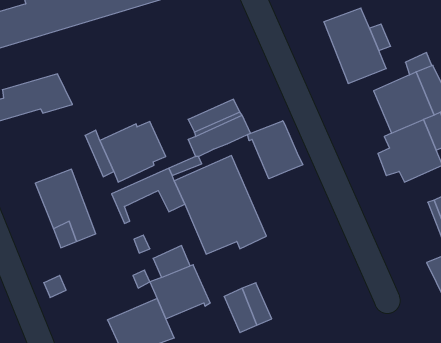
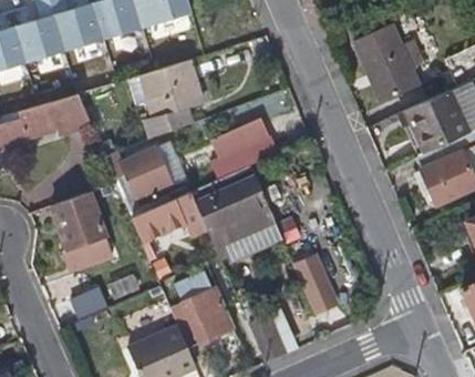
building: none -> [140,58,199,137]
building: [248,121,303,179] -> none
building: none -> [295,256,335,314]

